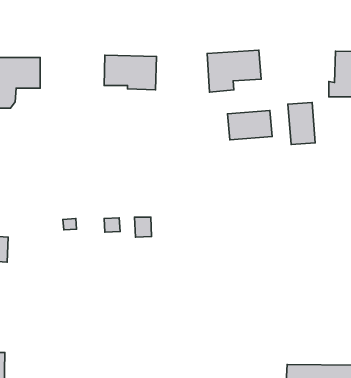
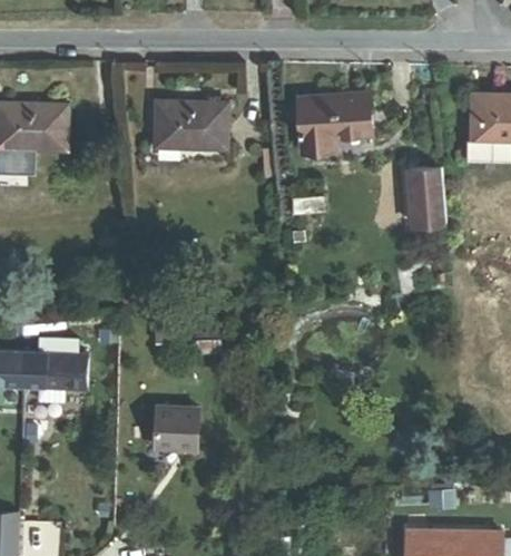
building: [227,110,272,140] -> none
building: none -> [21,341,88,401]
building: none -> [155,406,199,450]

